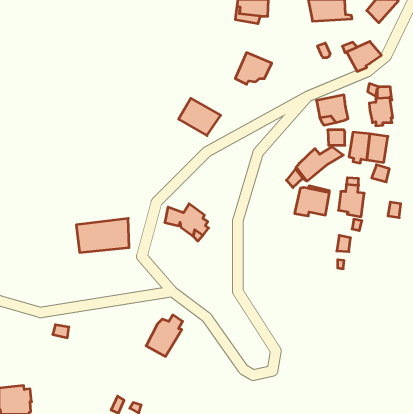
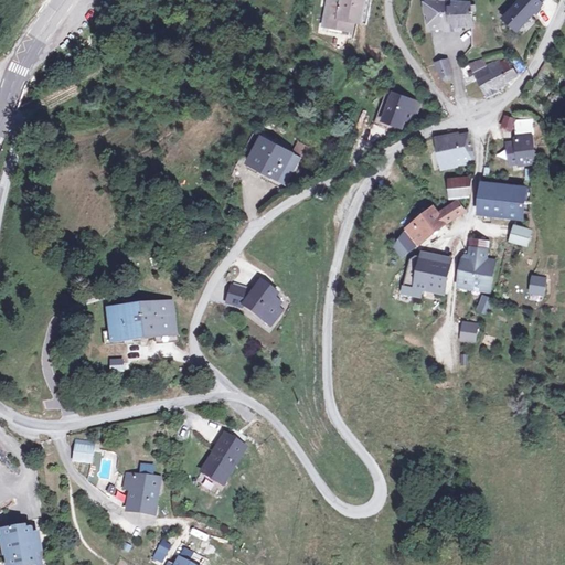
building: [235,53,272,84] -> [372,87,422,130]
building: none -> [121,461,162,515]

